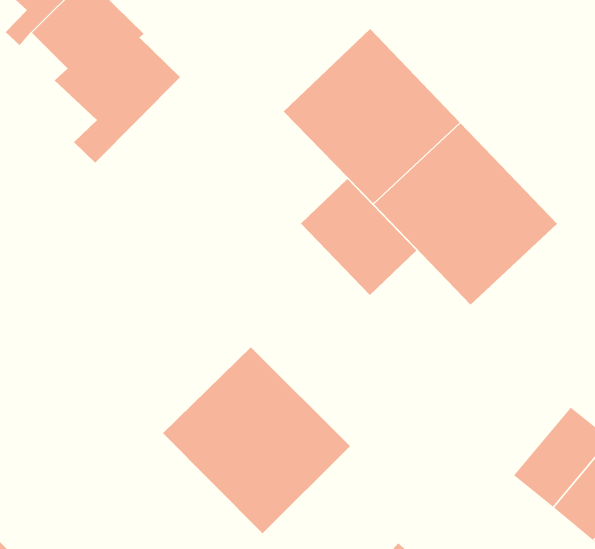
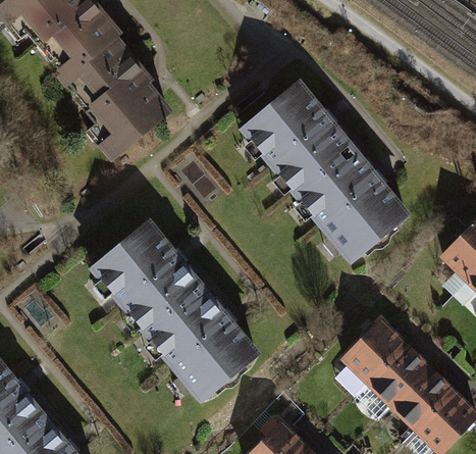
building: [300,178,417,296] -> none
building: none -> [86,221,202,337]
building: none -> [340,317,409,385]

